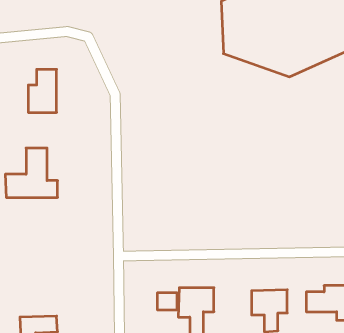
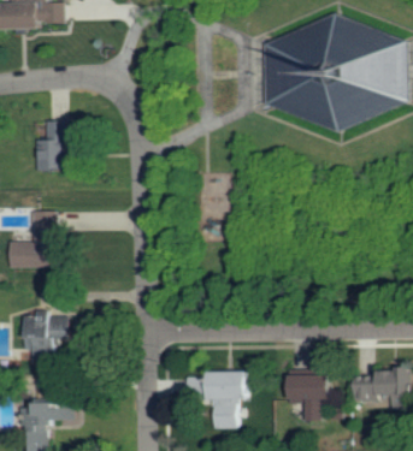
building: none -> [22,313,69,363]

